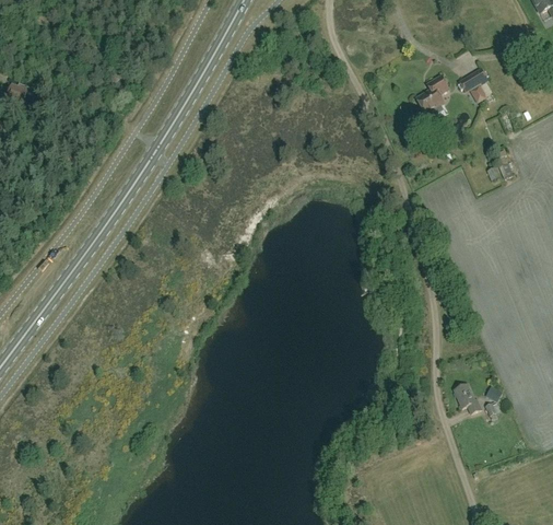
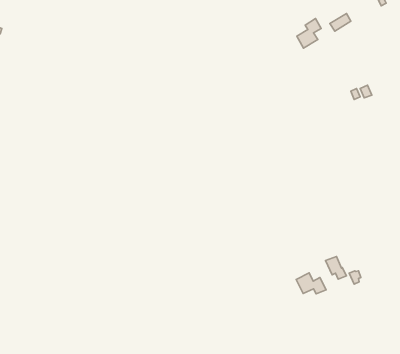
building: none -> [296,273,326,294]

